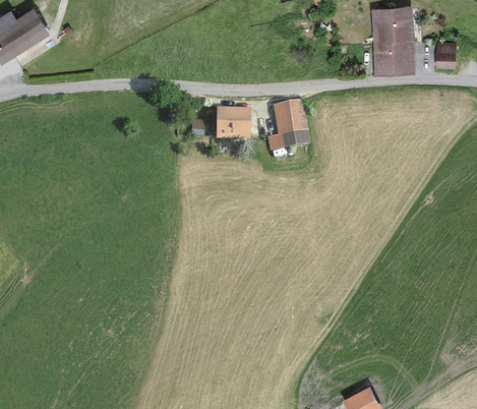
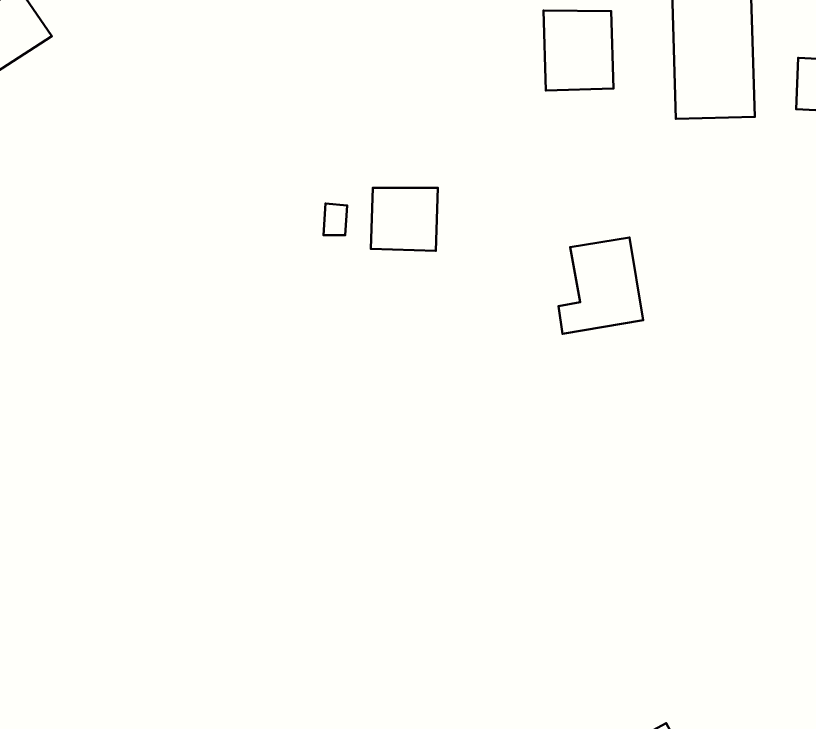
building: none -> [543,11,614,90]
building: [266,102,310,152] -> [558,237,643,334]

